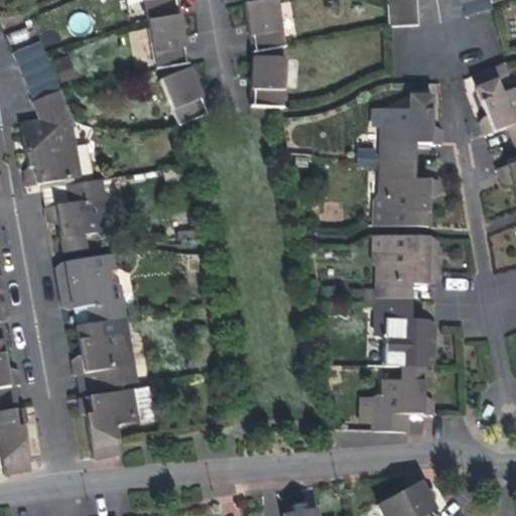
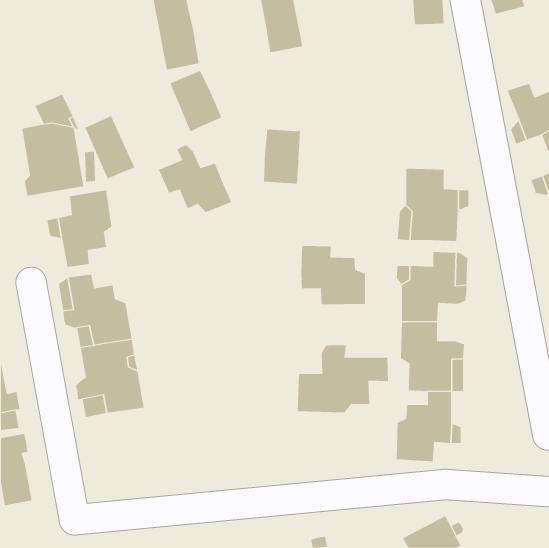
building: [13,39,60,99] -> [85,116,135,179]
building: [251,53,286,105] -> [263,129,301,184]
building: [381,93,441,158] -> none
building: none -> [158,145,232,213]
building: none -> [301,245,366,305]
building: none -> [297,344,388,413]
building: [79,387,138,457] -> none

